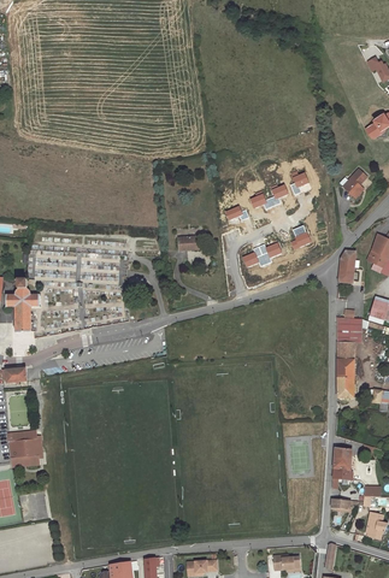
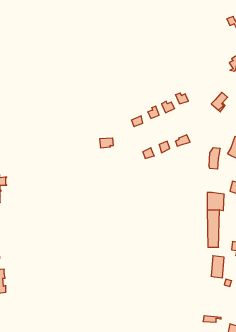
building: [332,447,352,479] -> [211,256,224,278]

